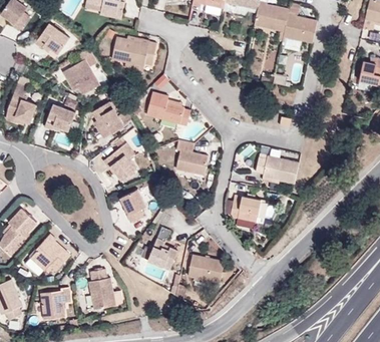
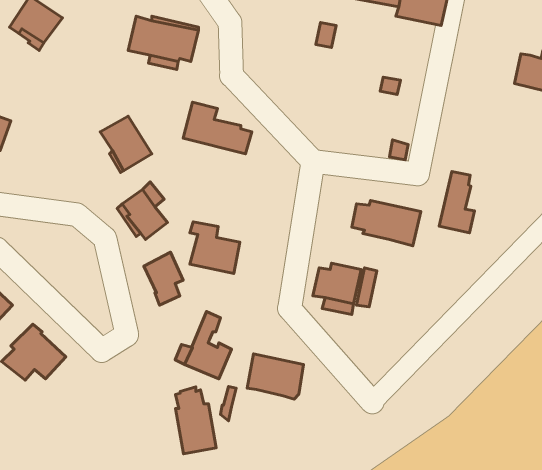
building: [63,59,100,95] -> none
building: [45,104,76,130] -> none
building: none -> [439,172,474,233]
building: [175,142,208,176] -> [190,222,240,273]
building: [89,266,115,309] -> [176,387,216,454]
building: [41,288,70,320] -> none

